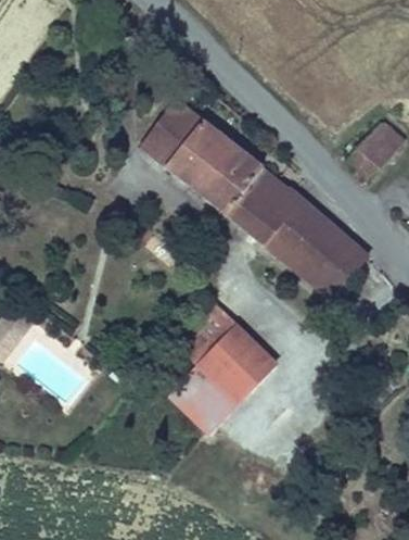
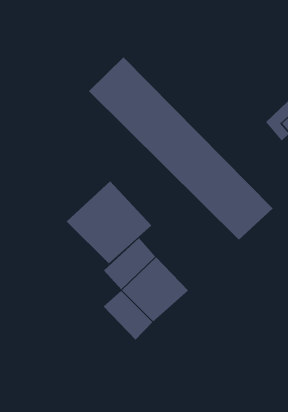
building: none -> [66,180,152,264]

